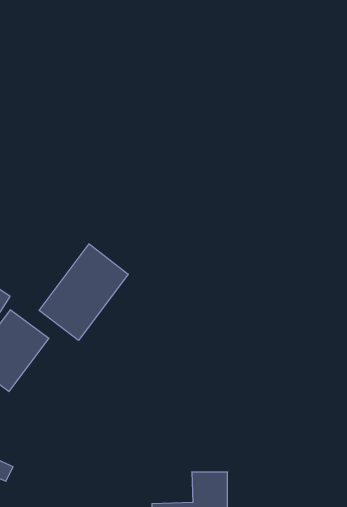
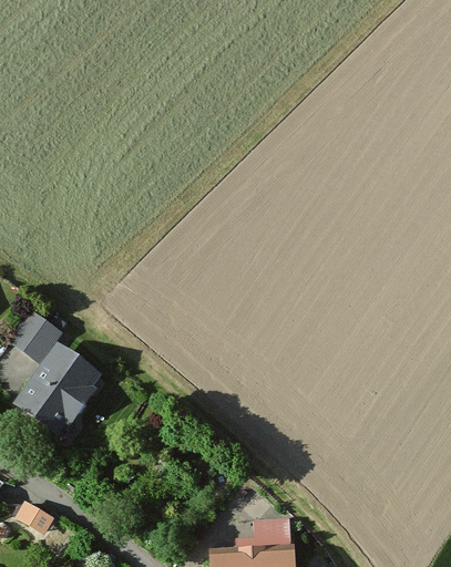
building: [39,244,128,340] -> none

